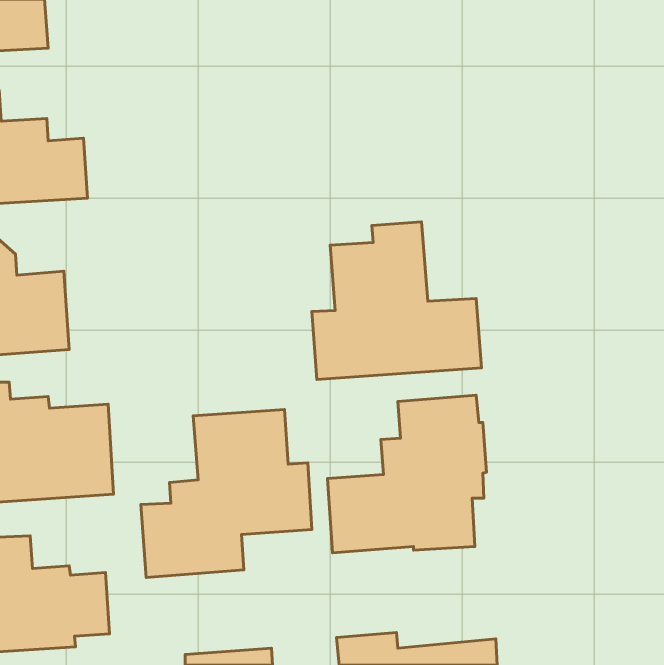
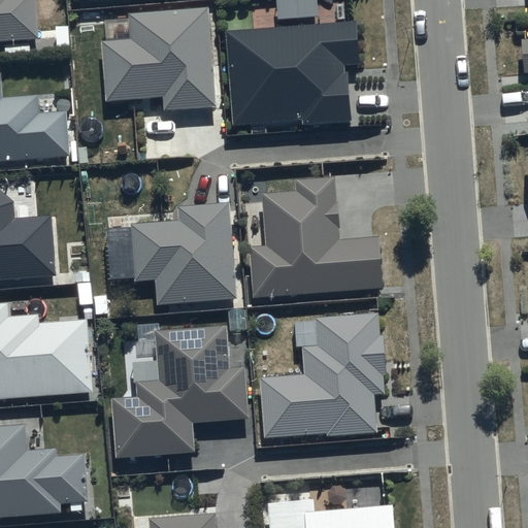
building: none -> [100,5,214,109]
building: none -> [224,21,358,125]
building: none -> [131,201,236,306]

